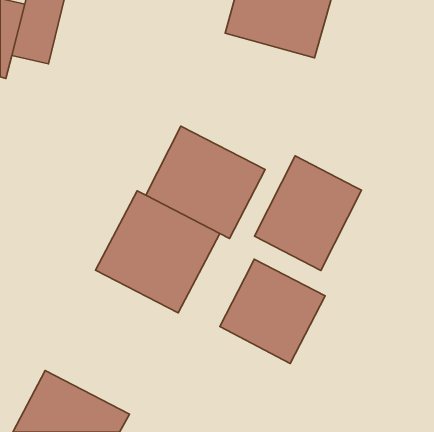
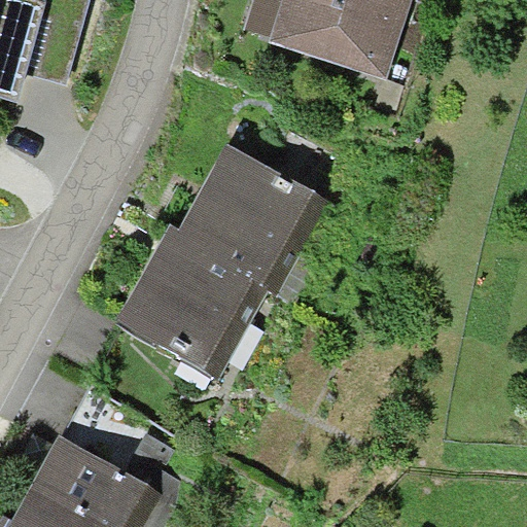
building: [254,156,362,271] -> none
building: [220,259,325,363] -> none

